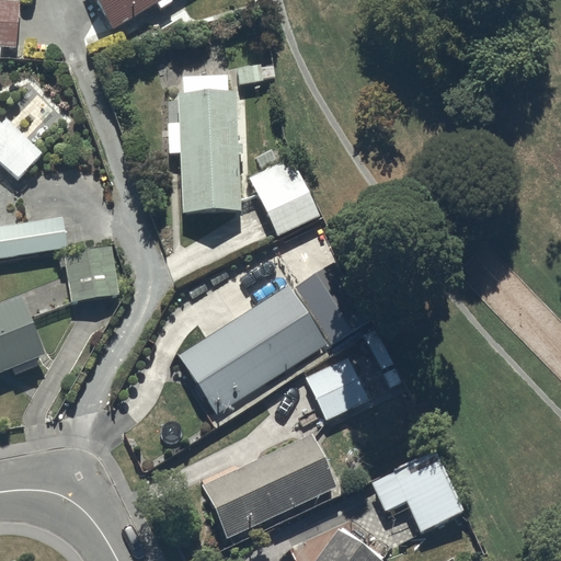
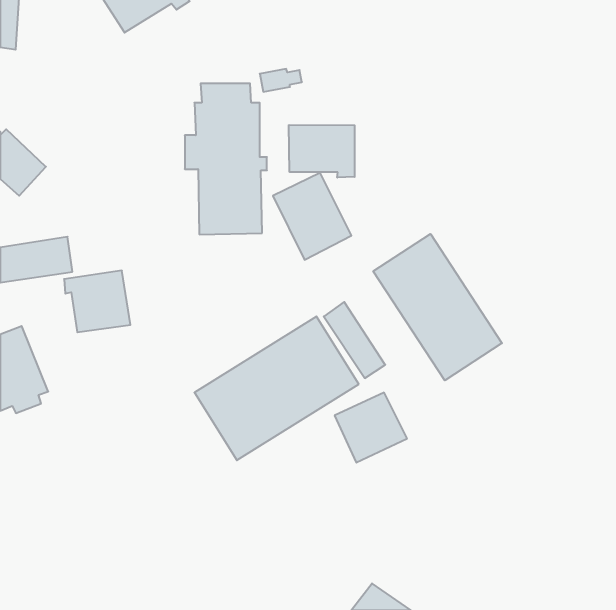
building: none -> [289,125,355,178]
building: none -> [373,234,502,380]
building: [201,432,339,539] -> none
building: [371,449,463,533] -> none

